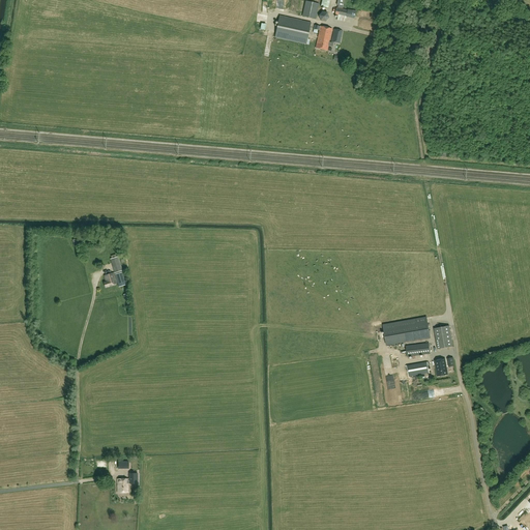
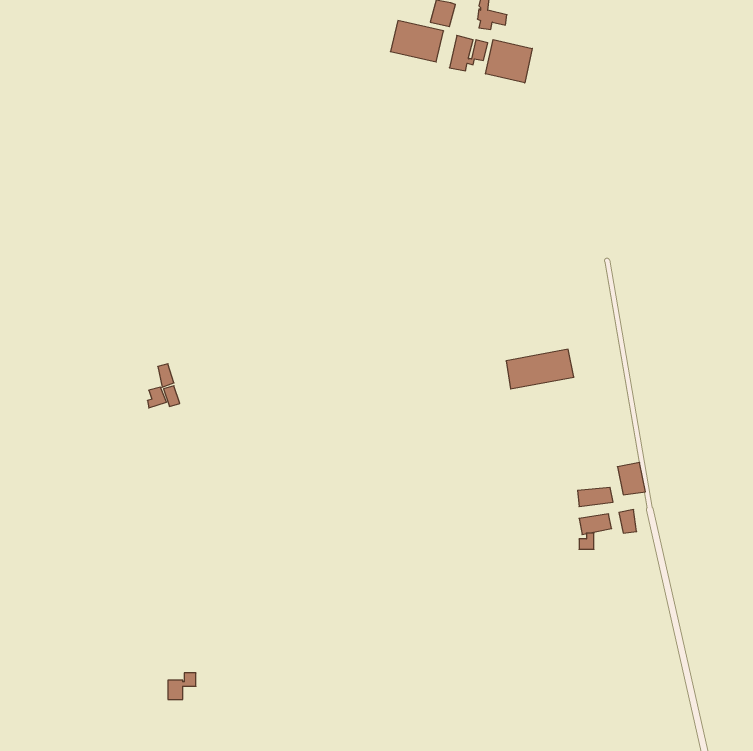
building: none -> [486,40,532,83]
building: [383,317,431,345] -> [506,349,574,389]

